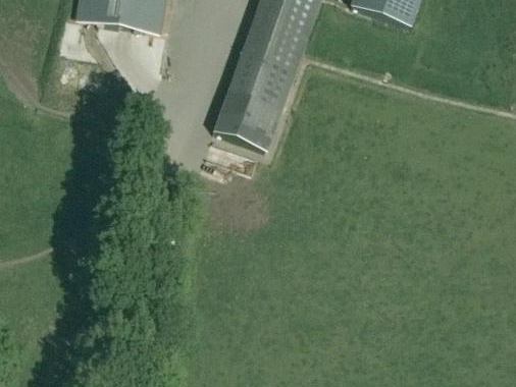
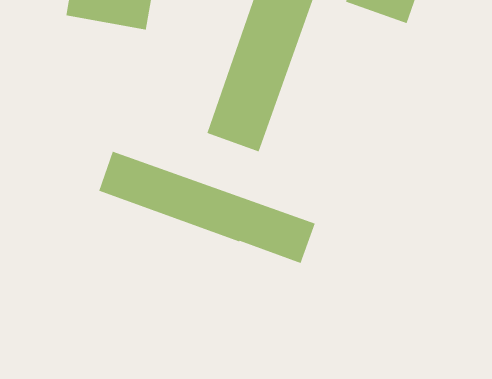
building: none -> [99,151,316,264]

